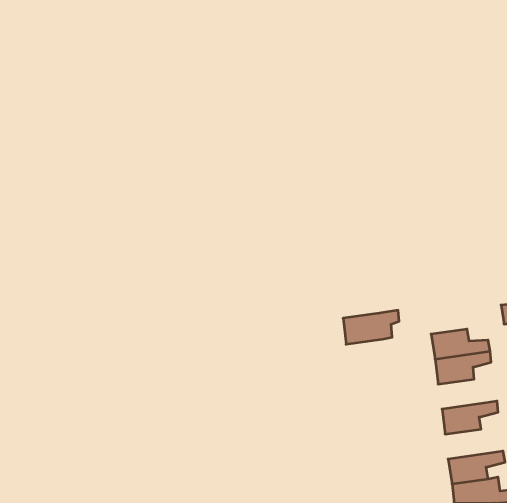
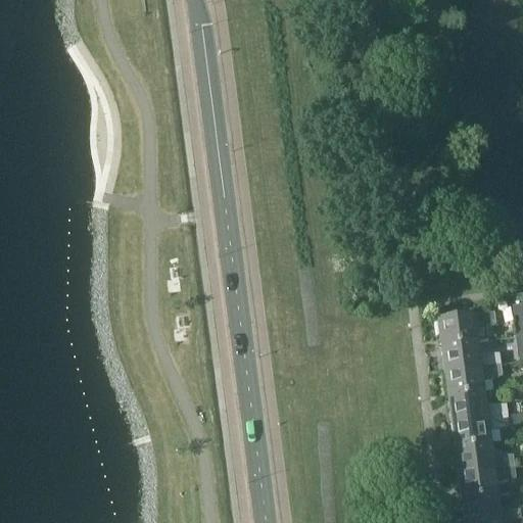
building: [343,310,399,344] -> [441,306,498,341]
building: none -> [451,387,512,418]
building: none -> [459,438,518,469]

